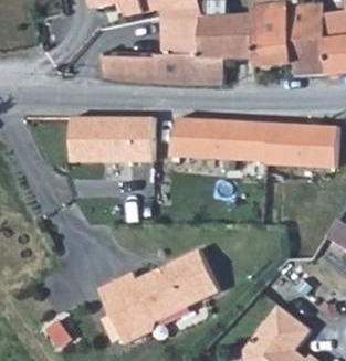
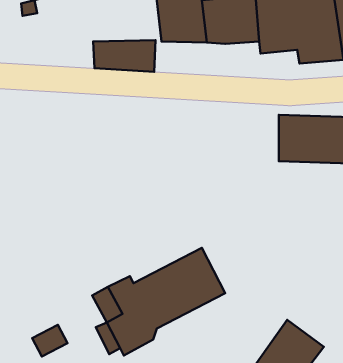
building: [157,54,221,86] -> none
building: [174,115,270,163] -> none
building: [72,118,155,162] -> none

